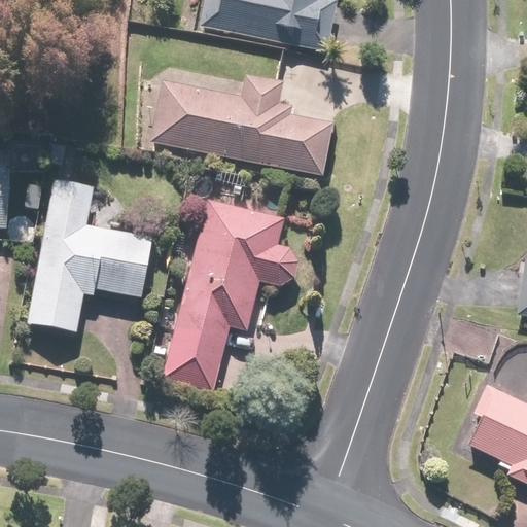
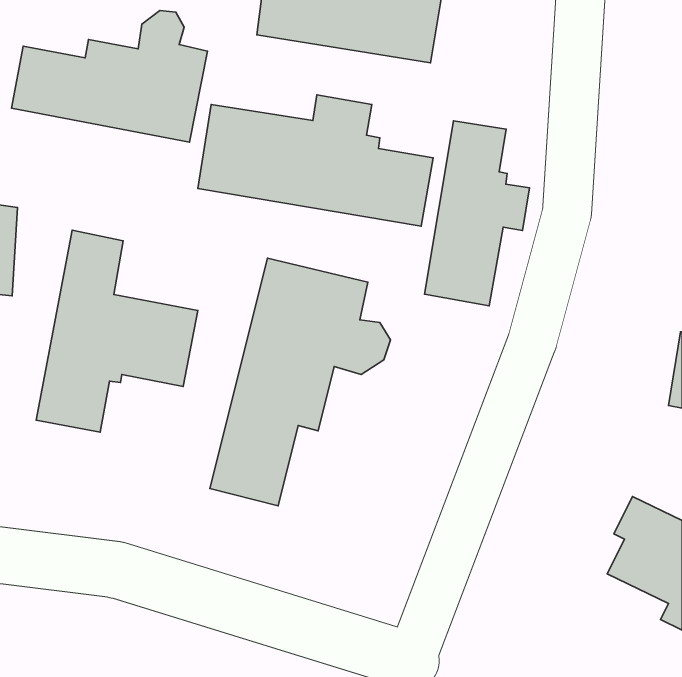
building: none -> [12,11,208,142]
building: none -> [424,121,530,306]

